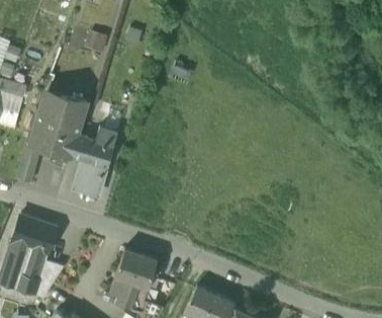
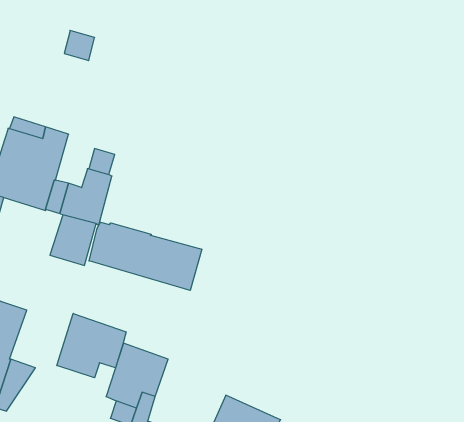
building: none -> [89,222,202,290]
building: none -> [57,313,126,378]

